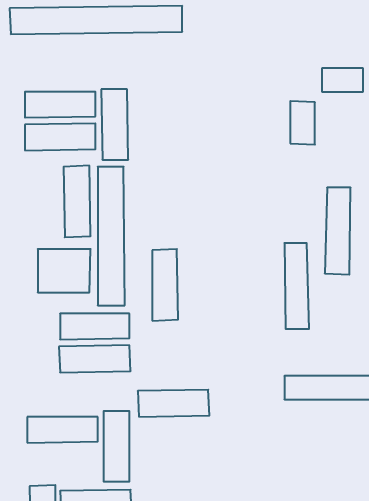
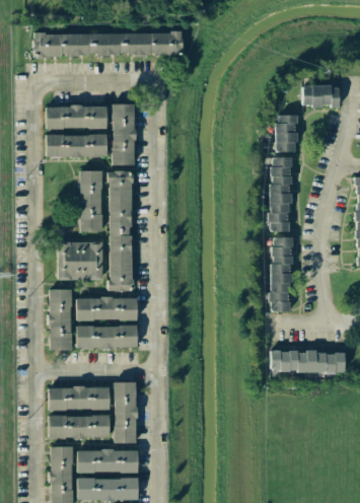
building: [325,188,351,275] -> [269,157,291,232]
building: [152,249,178,321] -> [50,289,72,351]
building: [138,390,209,417] -> [49,415,111,438]

